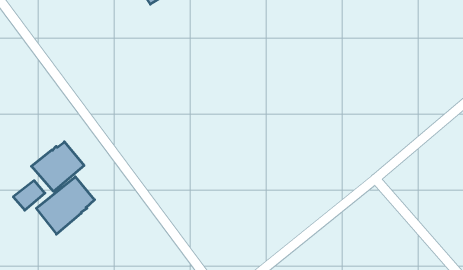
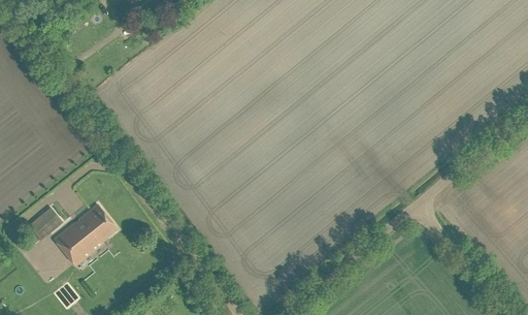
building: [31,142,84,191] -> none

